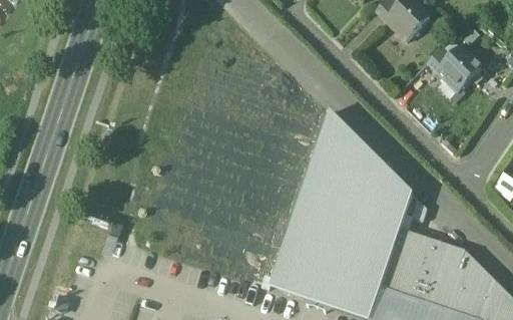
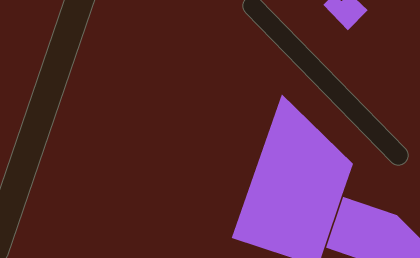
building: [428,48,481,93] -> none

